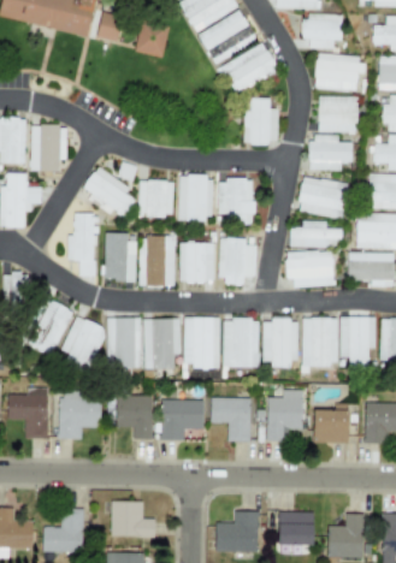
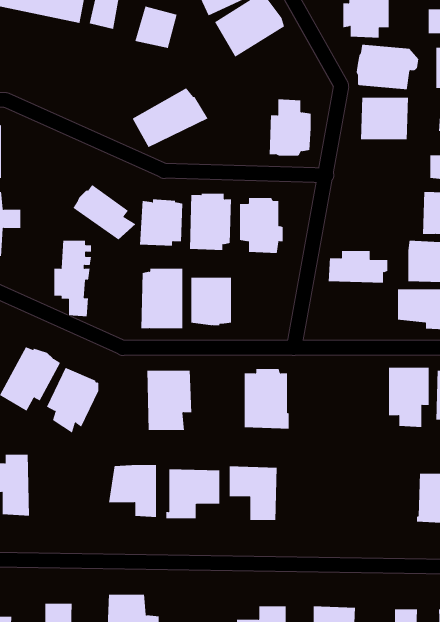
building: [217,43,279,93] -> [132,88,208,148]
building: [30,126,66,171] -> none
building: [308,135,351,170] -> none
building: [297,177,348,219] -> none
building: [105,232,136,281] -> none
building: [218,238,254,284] -> none
building: [286,250,336,288] -> none
building: [107,318,140,367] -> none
building: [183,318,219,368] -> none
building: [262,318,297,367] -> none
building: [302,318,337,366] -> none
building: [266,390,302,440] -> none
building: [57,393,102,439] -> none
building: [313,403,349,443] -> none

